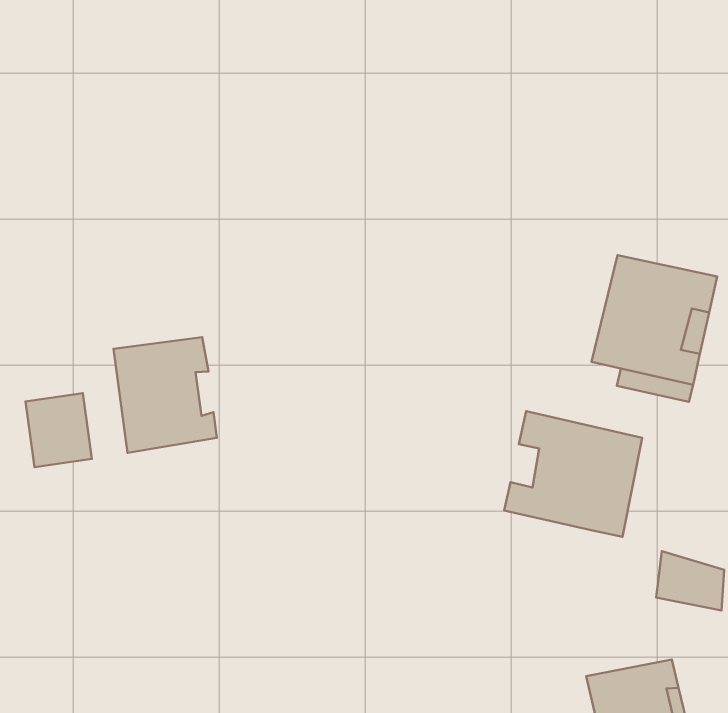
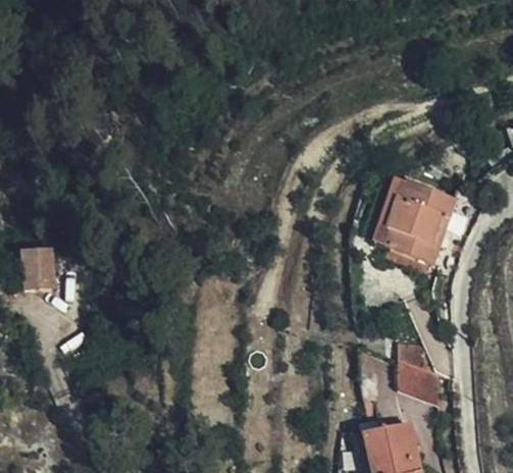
building: [113,337,217,453] -> none
building: [504,411,642,537] -> none

